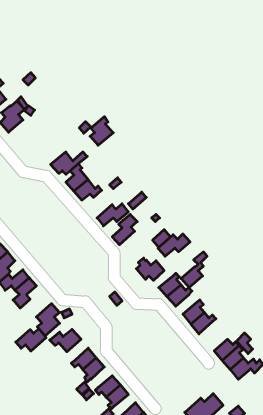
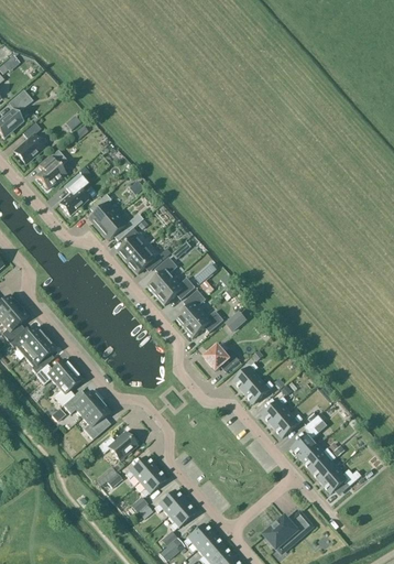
building: [90,117,113,145] -> [89,193,118,228]
building: none -> [58,174,88,215]
building: none -> [147,257,177,294]
building: [158,234,190,256] -> [184,310,223,337]
building: [181,252,207,288] -> [291,414,322,458]
building: [16,329,46,351] -> [63,389,100,416]

